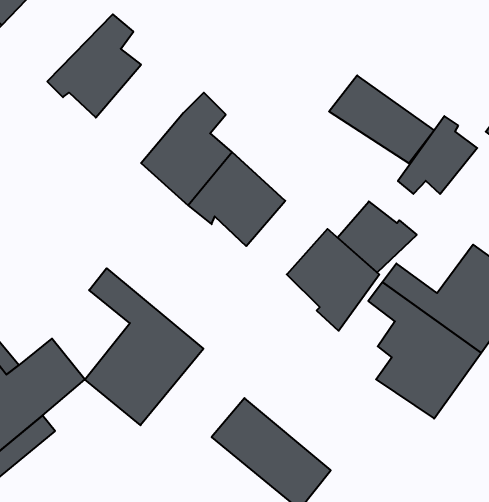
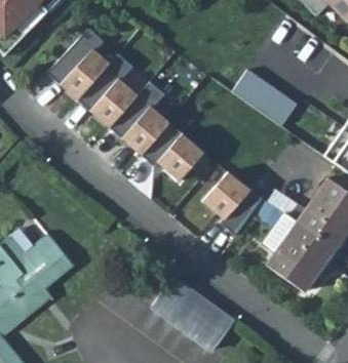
building: none -> [78,50,137,126]
building: [398,116,477,194] -> none
building: [337,201,417,272] -> none
building: [85,268,203,425] -> none

